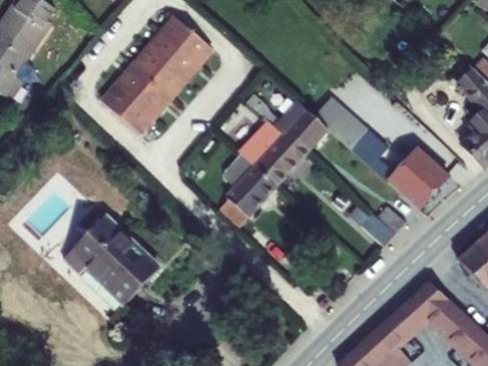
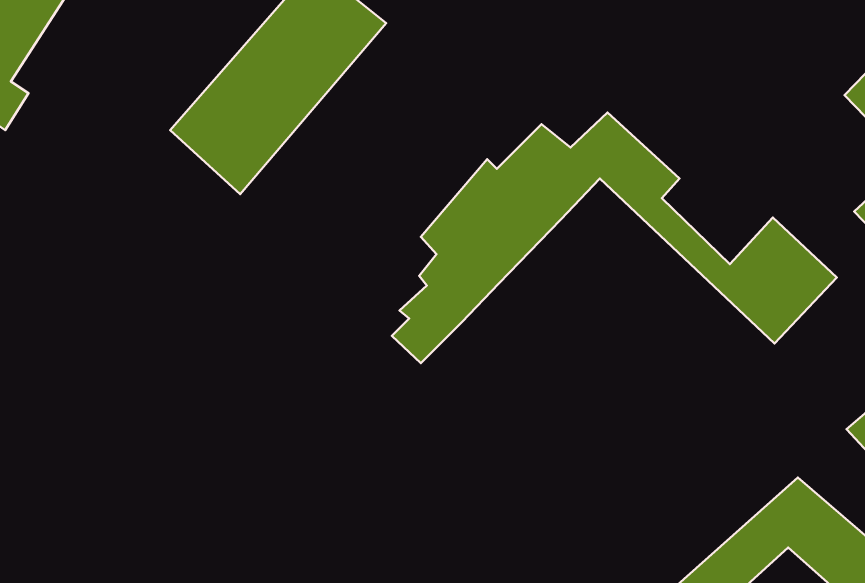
building: [363,206,404,249] -> none
building: [64,216,161,308] -> none

